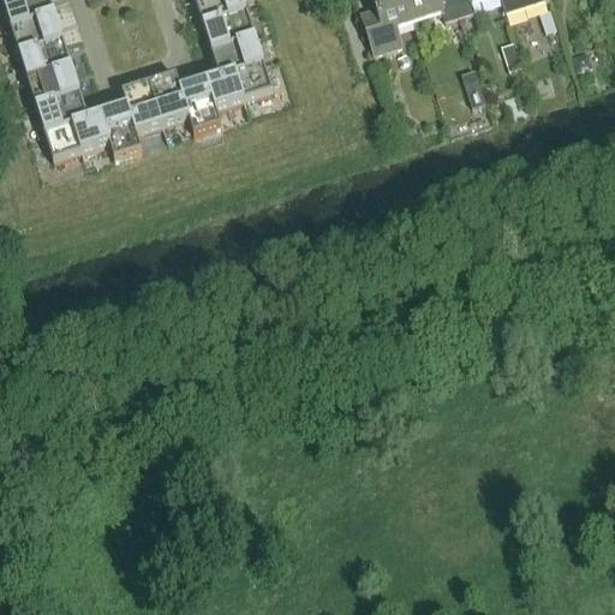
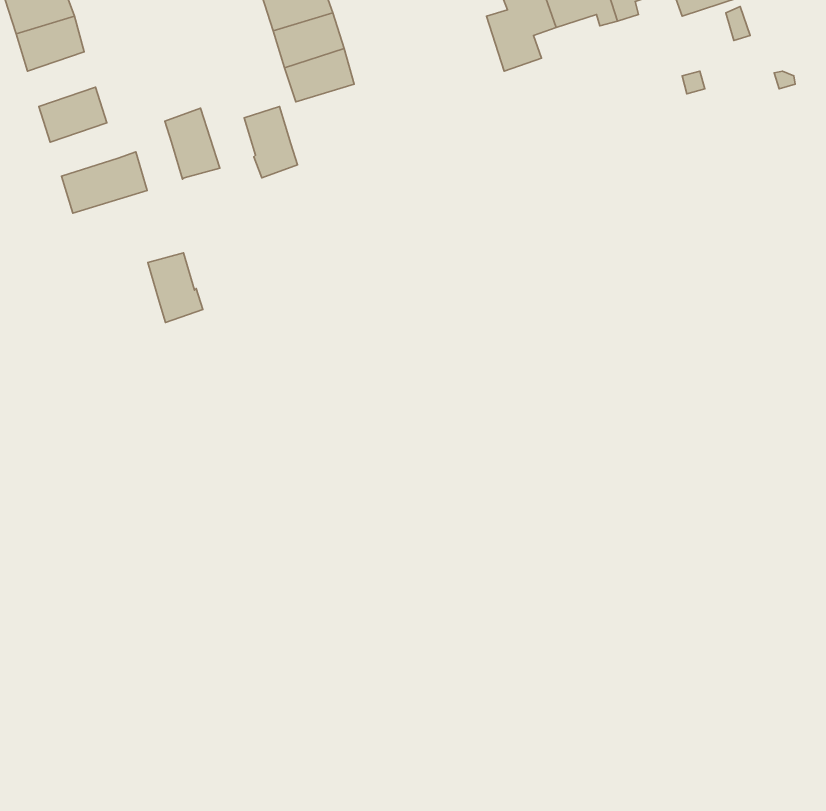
building: [20,38,71,79] -> none
building: [208,62,273,107] -> none
building: [149,72,190,125] -> none
building: [37,91,88,131] -> none
building: [101,106,142,157] -> [148,253,203,322]

